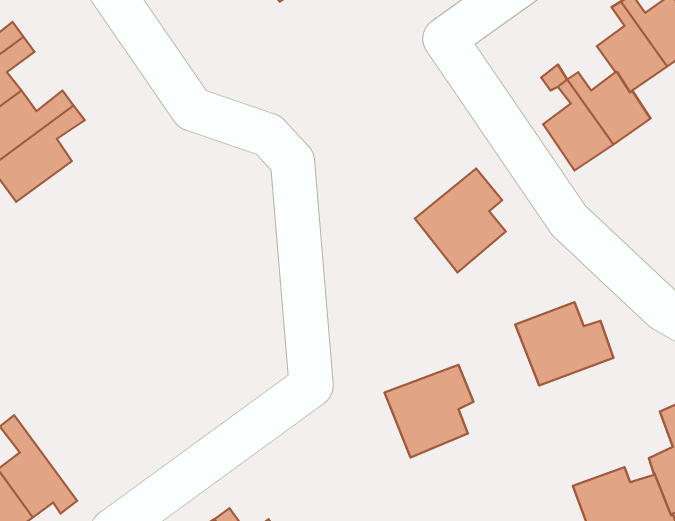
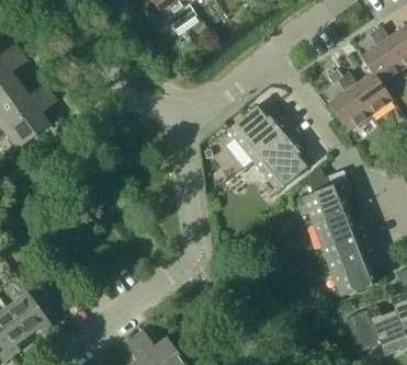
building: none -> [227,105,289,159]
building: none -> [302,170,350,221]
building: [384,365,473,458] -> [326,241,378,296]

